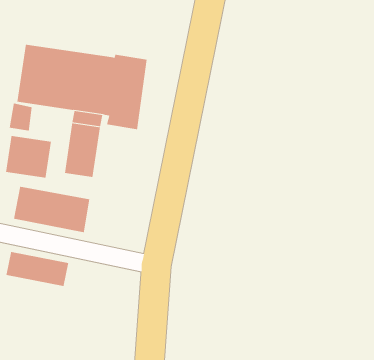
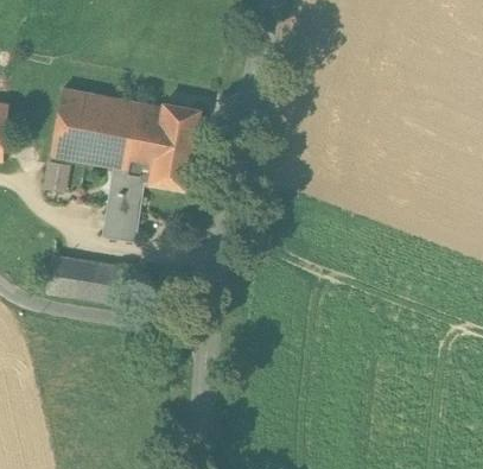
building: [6,135,52,179] -> none
building: [6,251,69,287] -> none

